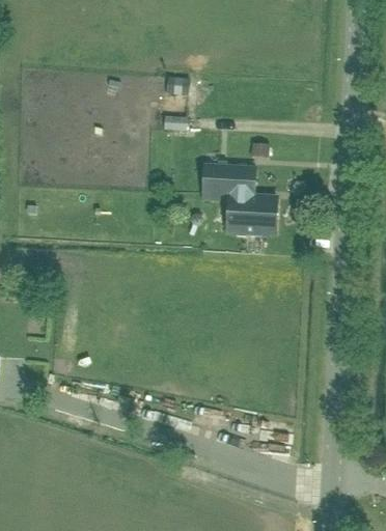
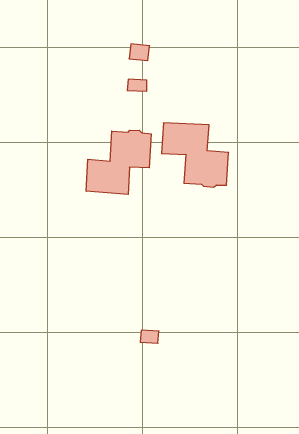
building: none -> [86,130,151,194]

